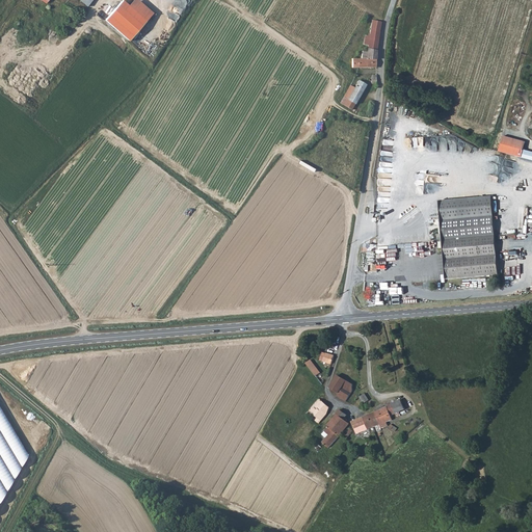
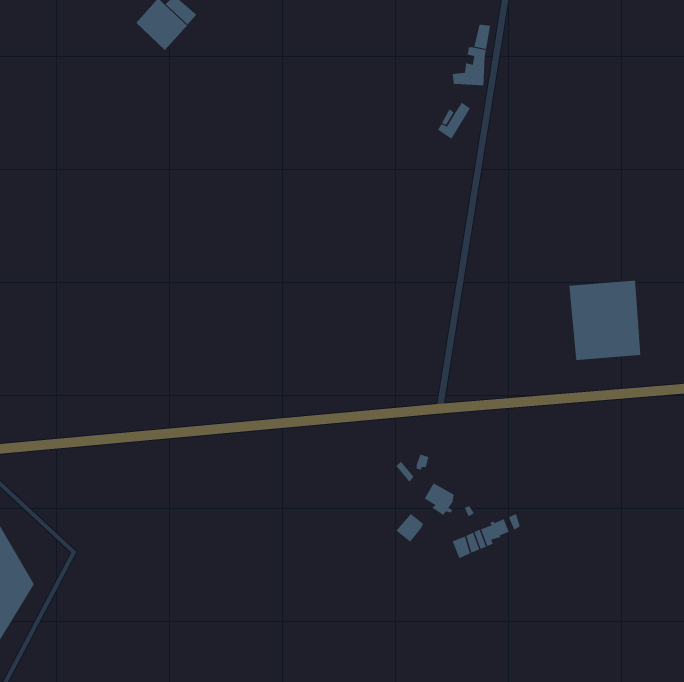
building: [498,135,526,157] -> none
building: [438,198,493,221] -> none
building: [320,408,348,448] -> none

